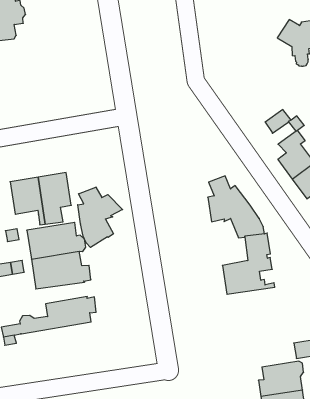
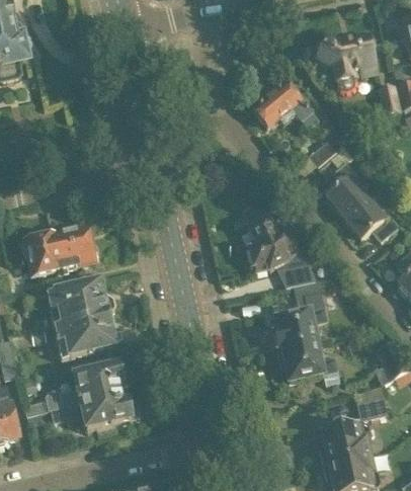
building: none -> [252,80,319,128]
building: [78,187,123,247] -> none
building: none -> [277,339,337,380]
building: none -> [47,391,139,429]

